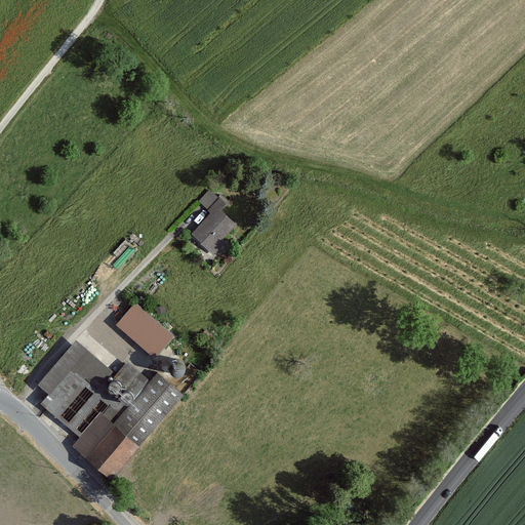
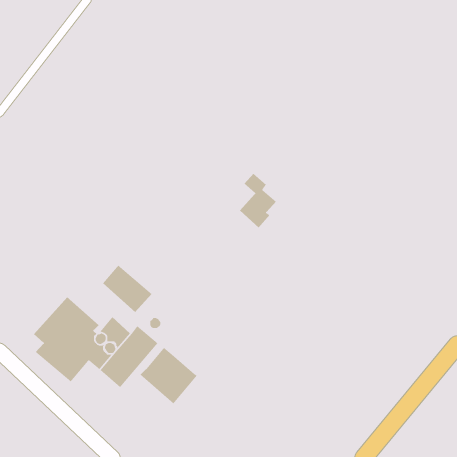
building: [193,192,236,255] -> [239,173,277,228]
building: [74,414,140,480] -> [139,347,198,404]

